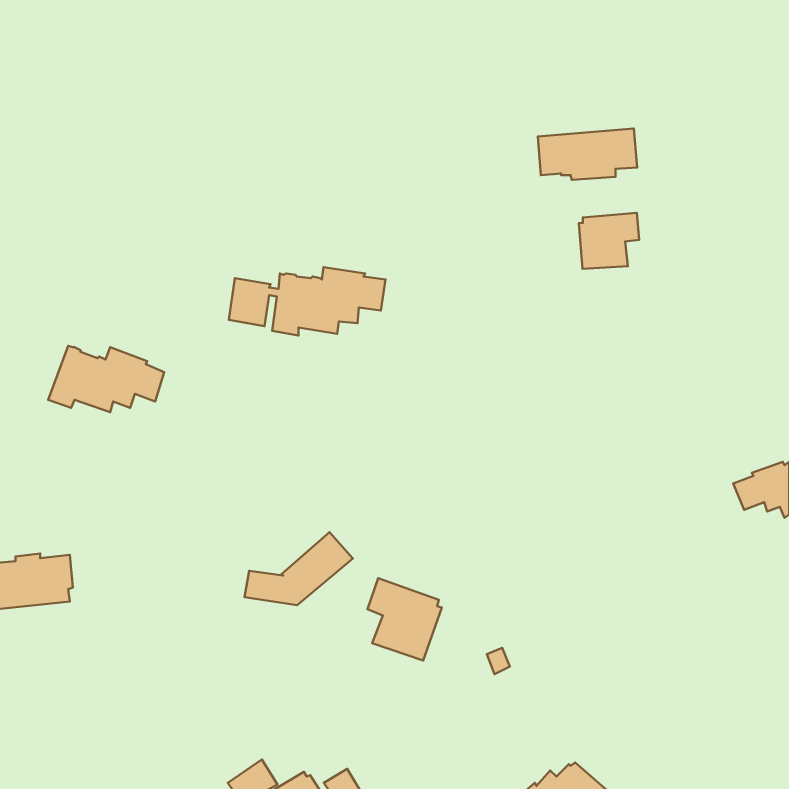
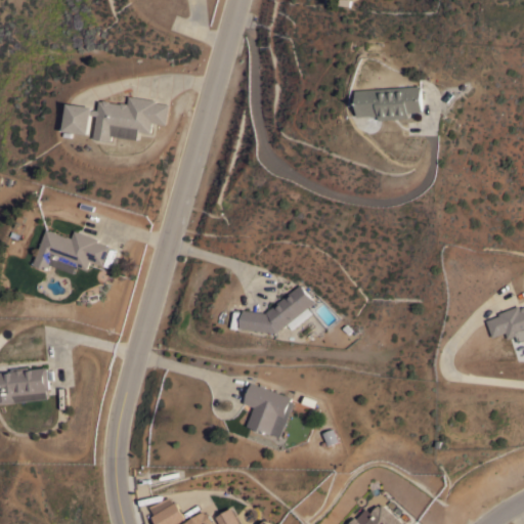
building: [579,213,639,269] -> none
building: [229,267,385,335] -> [64,97,168,142]
building: [244,532,353,605] -> [241,286,312,334]

